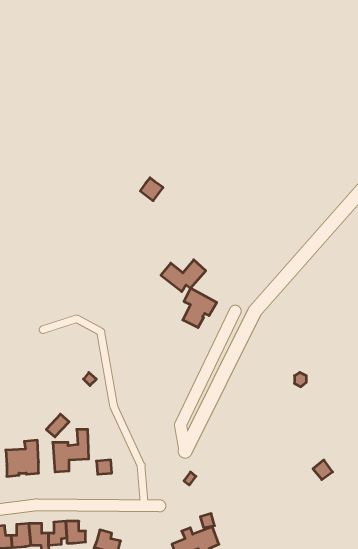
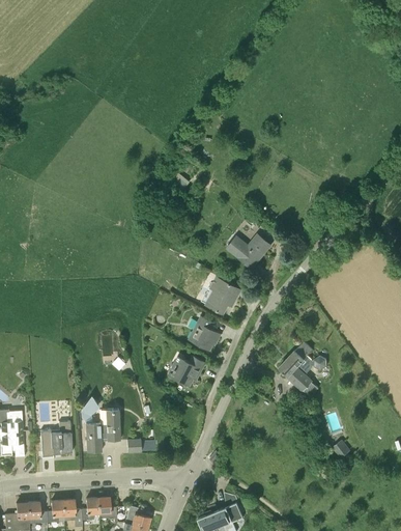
building: [161,260,206,292] -> [228,235,270,266]
building: none -> [189,316,221,351]
building: none -> [279,342,312,391]
building: none -> [168,356,206,387]

